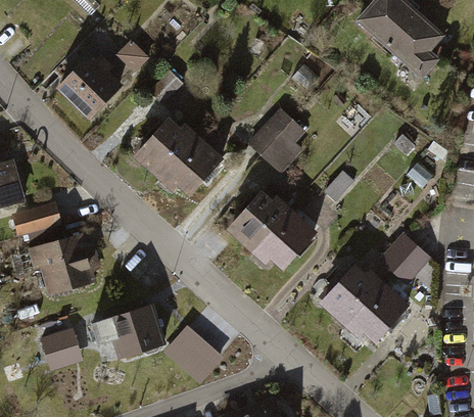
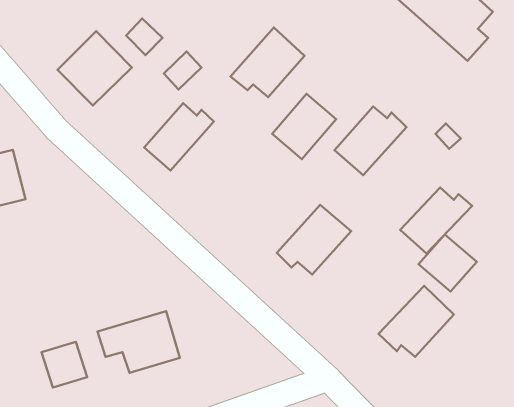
building: [156,133,223,195] -> [230,27,305,97]
building: [226,189,290,250] -> [334,107,406,175]
building: [11,203,64,239] -> none
building: [28,233,96,294] -> none
building: [319,264,383,323] -> [400,187,472,254]
building: [167,330,220,382] -> none

